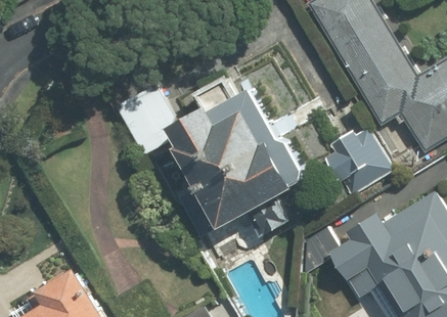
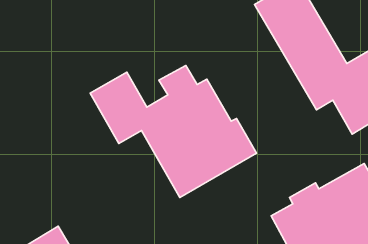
building: [324,126,397,203] -> none

